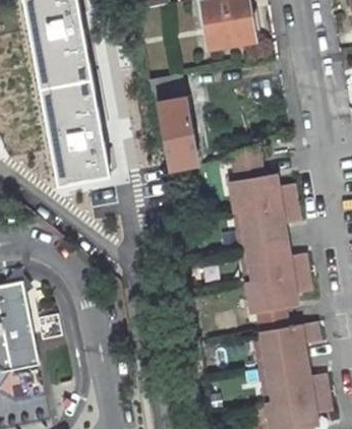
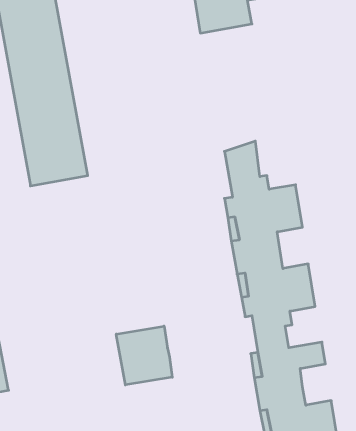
building: [150,74,198,172] -> none
building: none -> [116,326,172,385]

